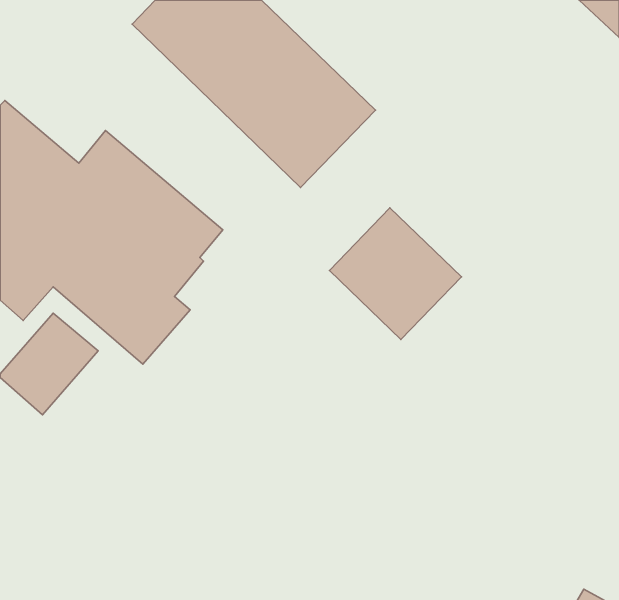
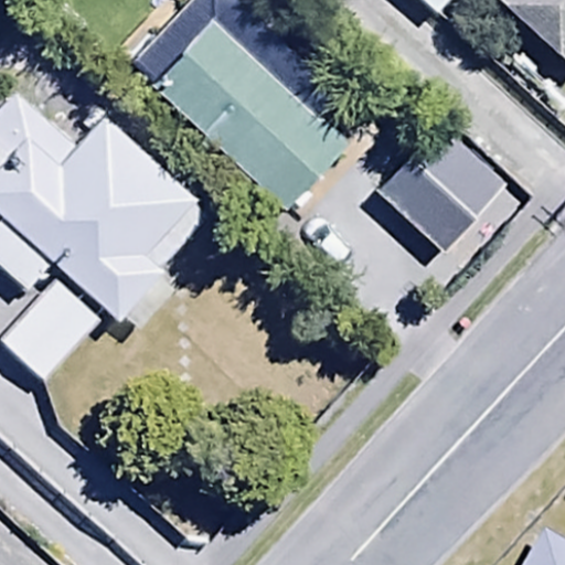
building: [329,208,461,340] -> [374,115,494,235]

